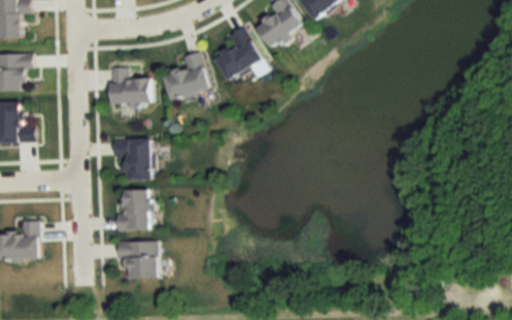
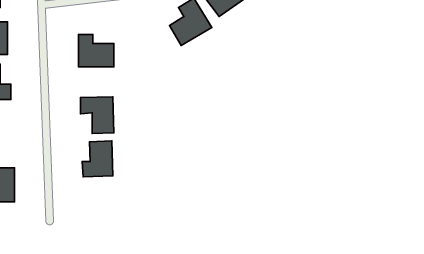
building: [163,52,208,100] -> none
building: [115,241,157,278] -> none

